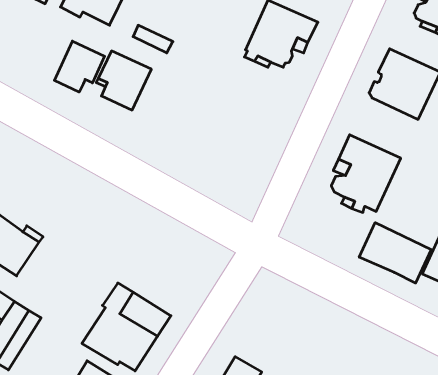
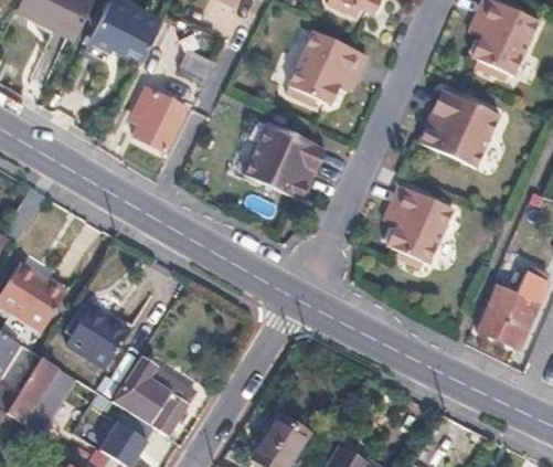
building: [54,41,105,92] -> none
building: none -> [246,119,326,195]
building: [359,223,431,283] -> none
building: none -> [64,308,128,371]

